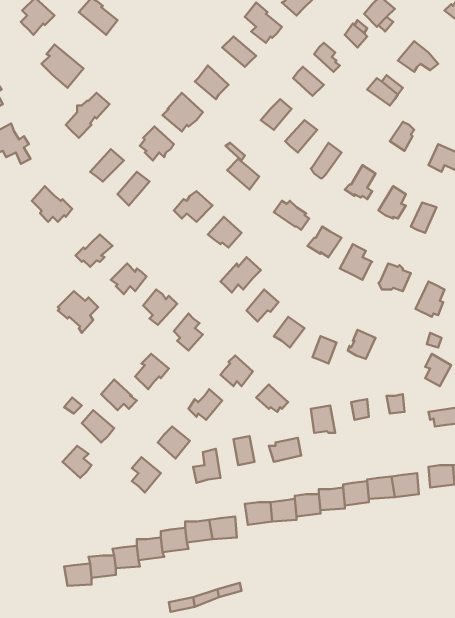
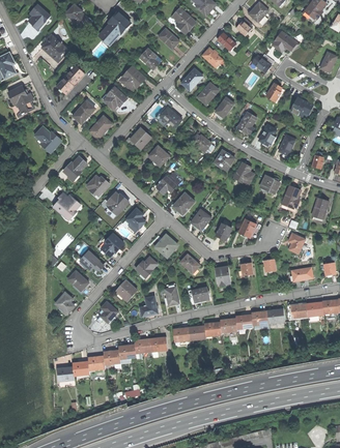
building: none -> [101,11,130,41]

